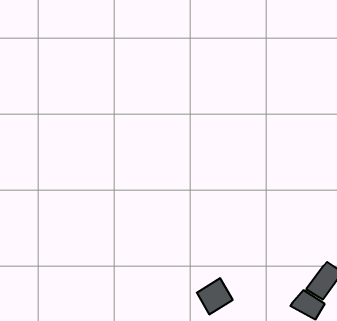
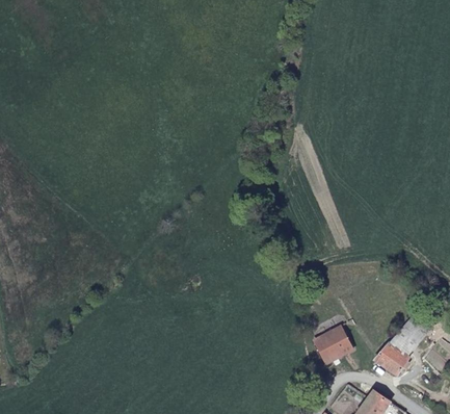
building: [197,278,233,314] -> [314,326,353,365]

